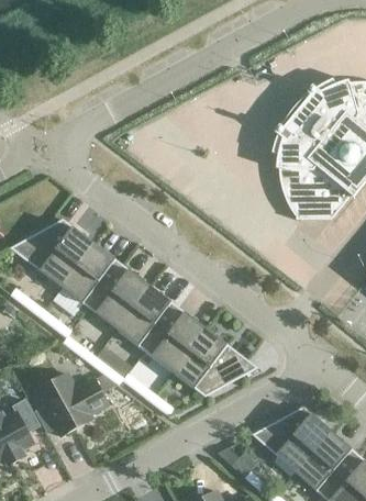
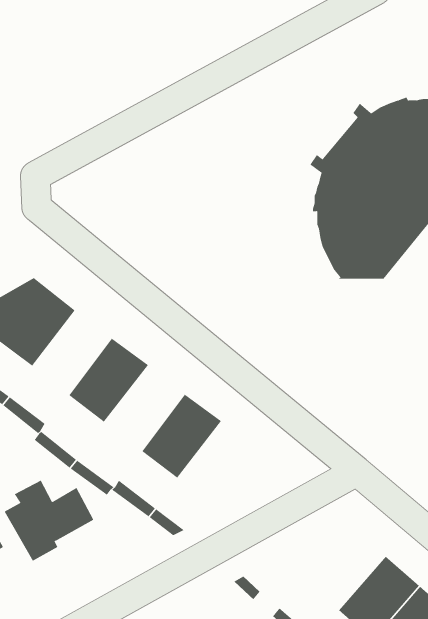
building: [62,244,122,309] -> none
building: [117,286,178,352] -> none
building: [173,329,258,397] -> none
building: [252,407,332,474] -> none

